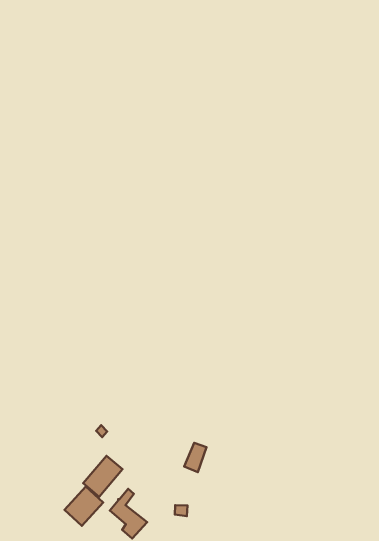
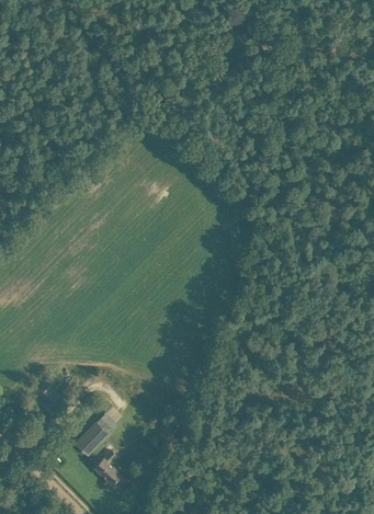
building: [64,486,103,526] -> none

